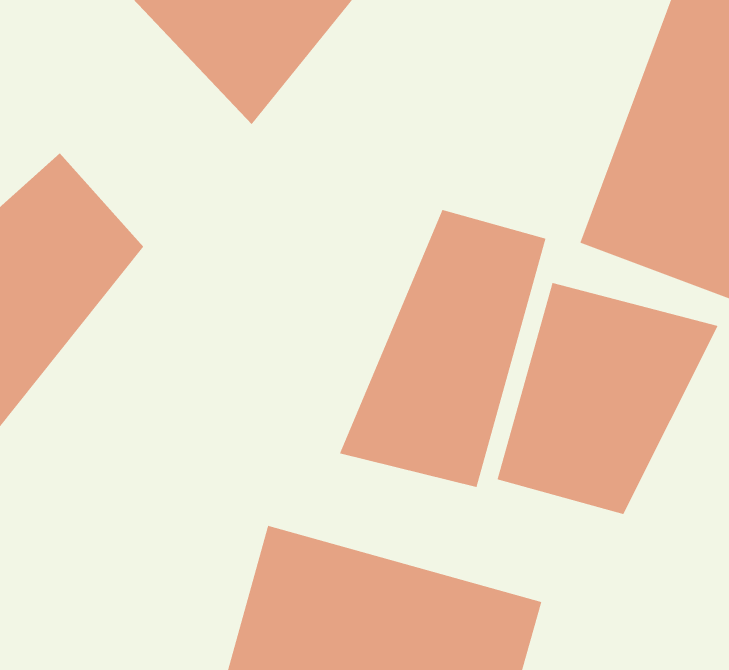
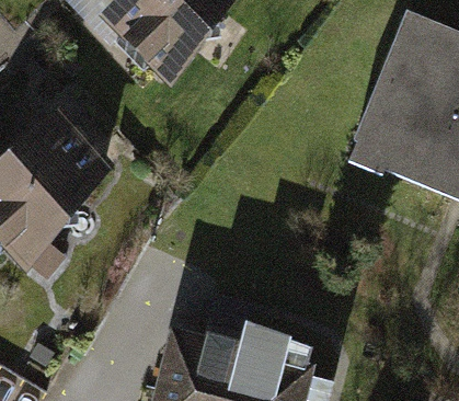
building: [339,209,546,488] -> none
building: [497,282,719,515] -> none

